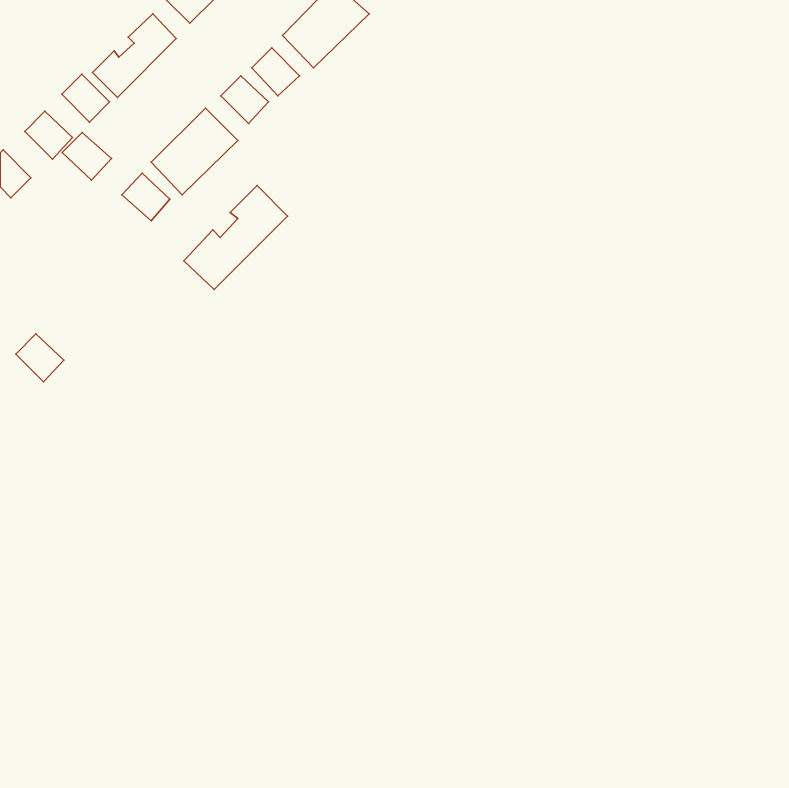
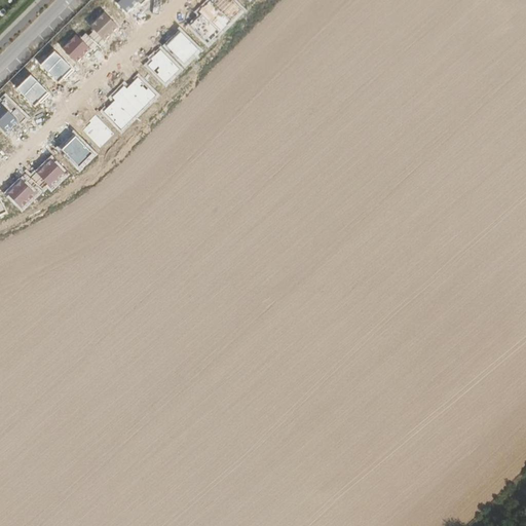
building: [62,132,112,180] -> [61,136,93,167]
building: [184,186,288,290] -> none
building: none -> [36,157,68,189]
building: [16,334,64,382] -> [7,176,39,208]

